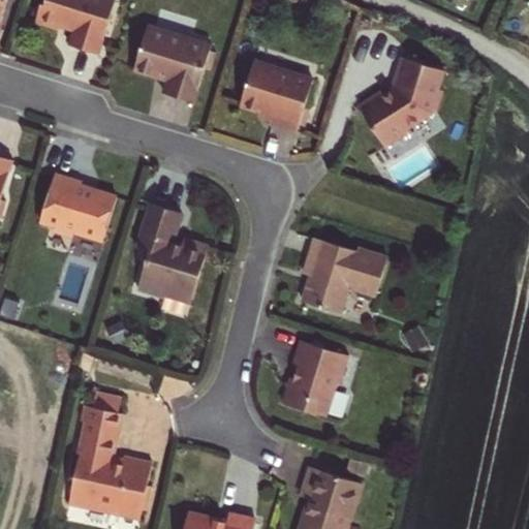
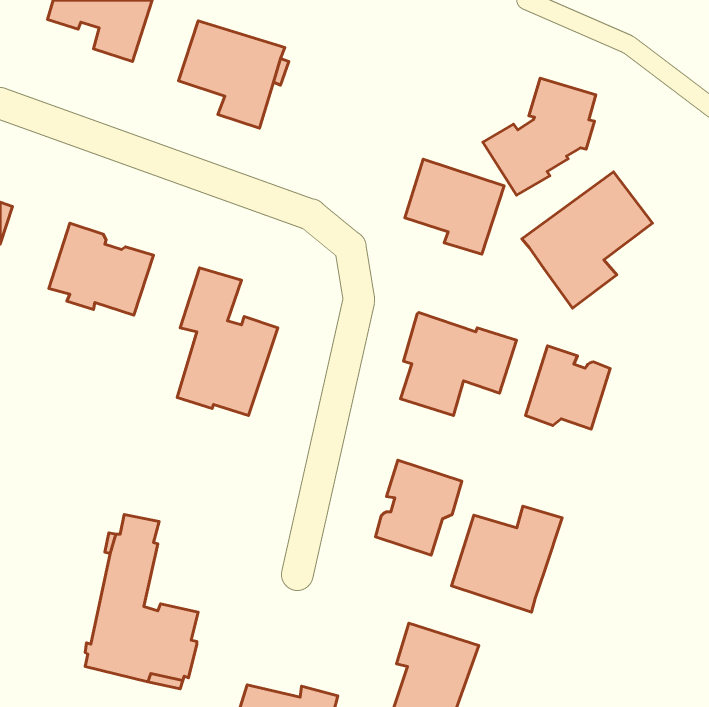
building: [241,64,314,134] -> [405,159,504,254]
building: none -> [522,172,652,308]
building: none -> [525,346,610,429]
building: none -> [452,506,562,612]

